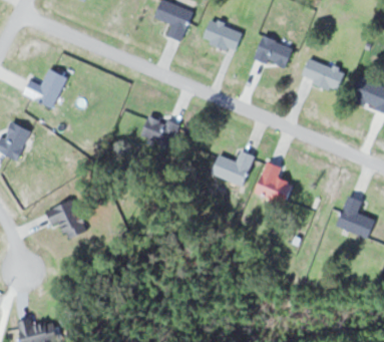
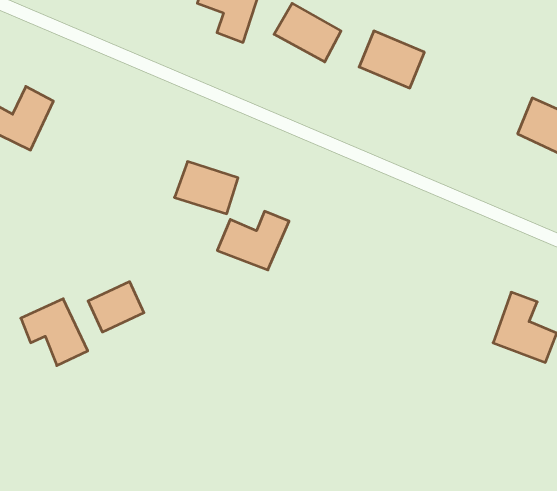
building: [300,56,344,91] -> none
building: [211,149,255,186] -> [217,211,289,270]
building: [256,160,293,203] -> none
building: none -> [88,282,144,332]

